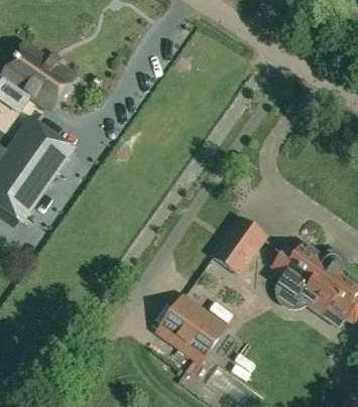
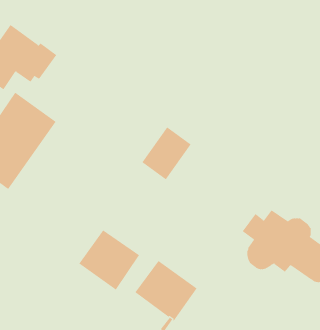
building: [211,217,264,274] -> [142,126,191,180]
building: none -> [79,229,140,290]

